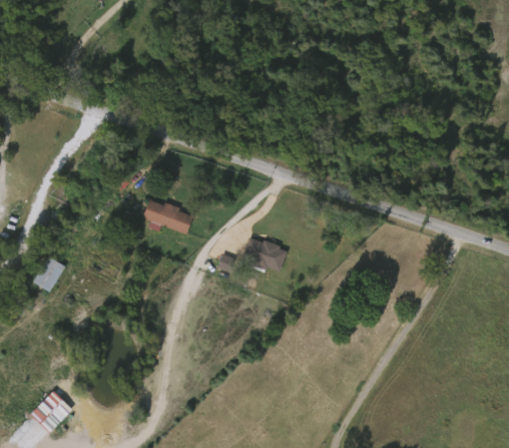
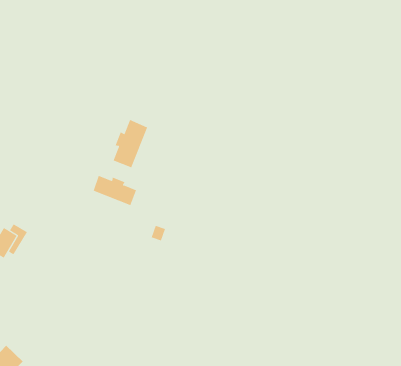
building: none -> [113,119,148,168]
building: [245,237,291,272] -> none

